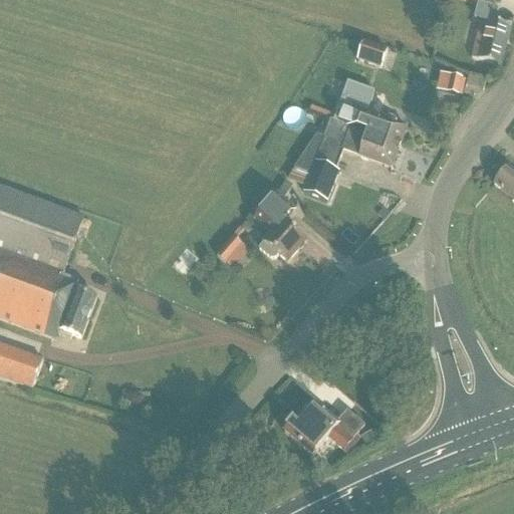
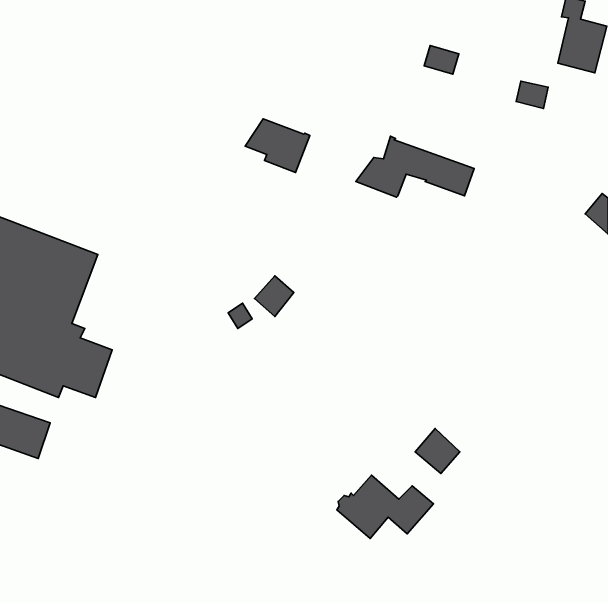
building: [331,76,405,142] -> none
building: [284,153,338,198] -> [245,119,310,173]
building: [253,190,304,259] -> none
building: none -> [415,428,460,474]

